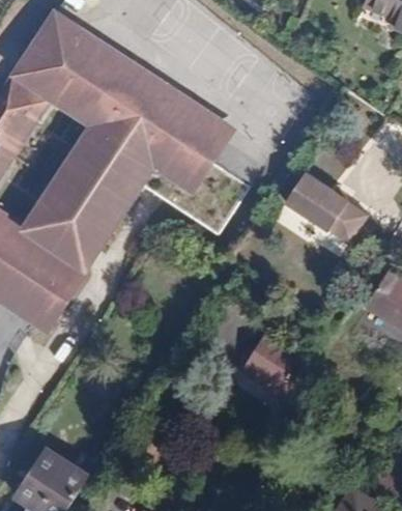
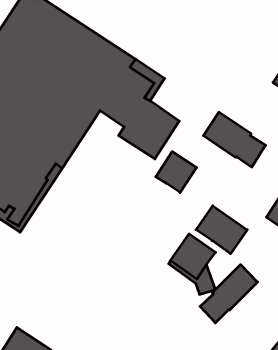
building: none -> [156,152,197,193]
building: none -> [196,206,247,254]
building: none -> [200,265,258,323]

